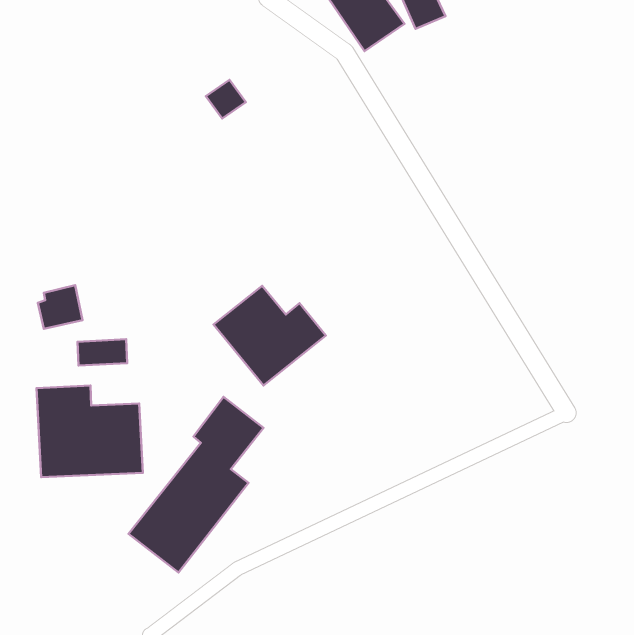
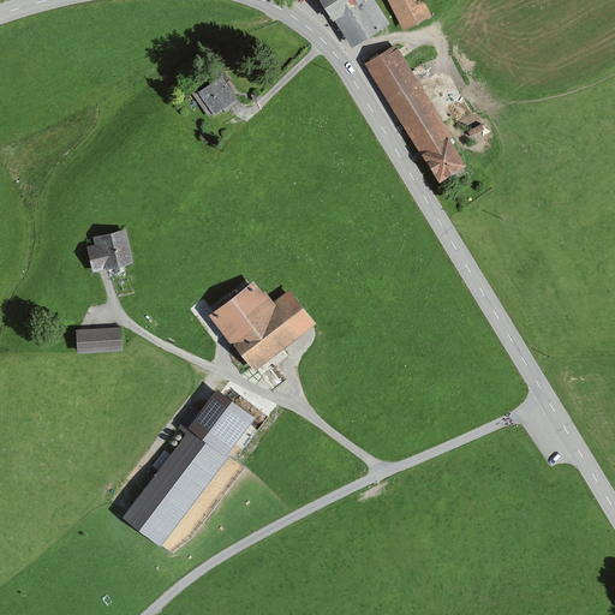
building: none -> [366,47,465,178]
building: [38,285,83,329] -> [86,228,130,270]
building: [37,386,143,477] -> none

